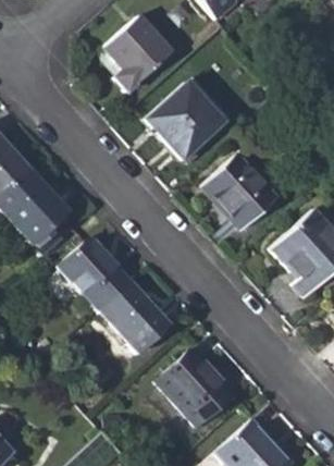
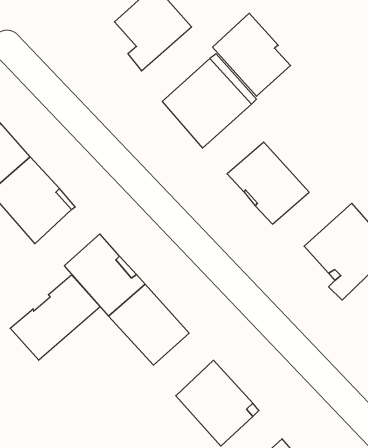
building: none -> [213,13,291,96]
building: none -> [10,275,100,360]

